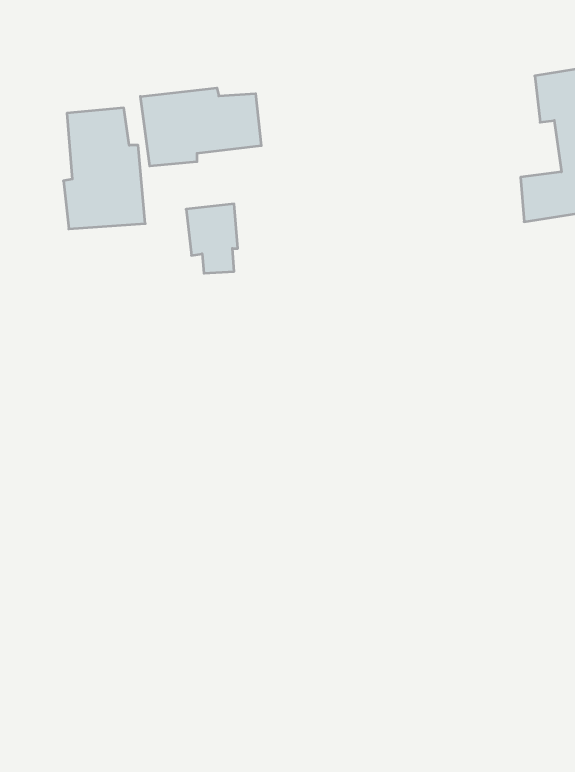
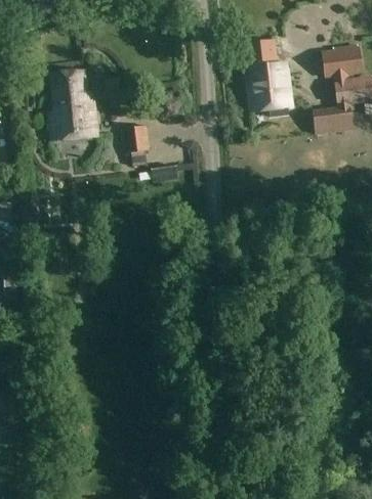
building: none -> [247,39,292,110]
building: [140,88,261,166] -> none

